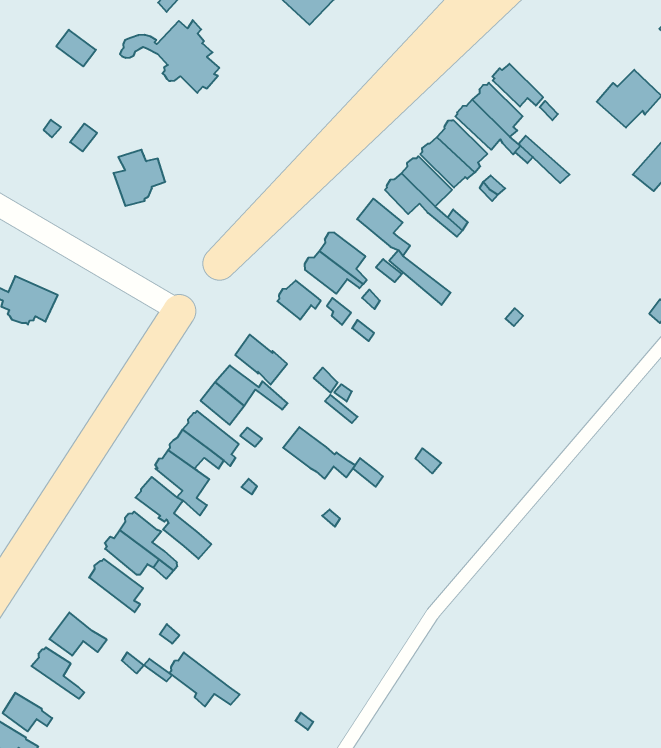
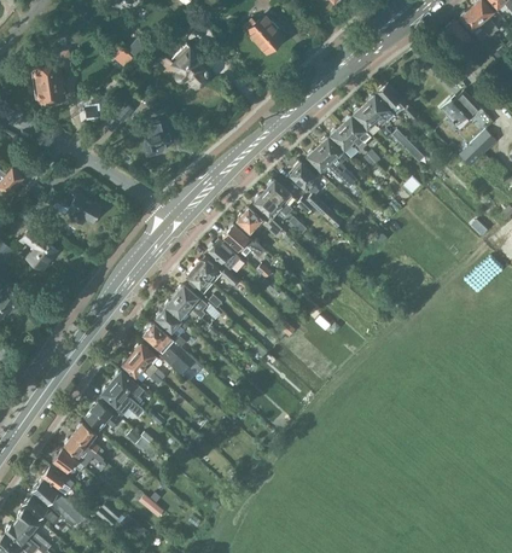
building: [283,427,355,479] -> [222,225,266,257]
building: [169,652,240,706] -> [101,382,144,415]
building: none -> [64,433,105,467]

